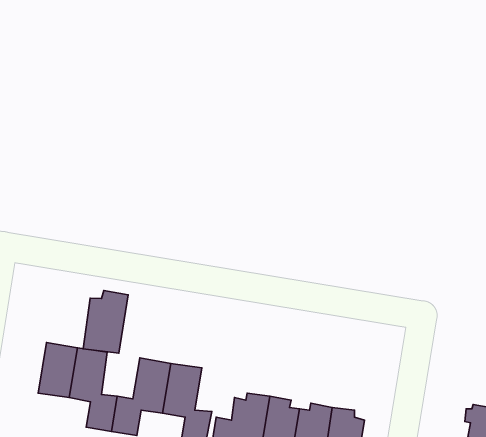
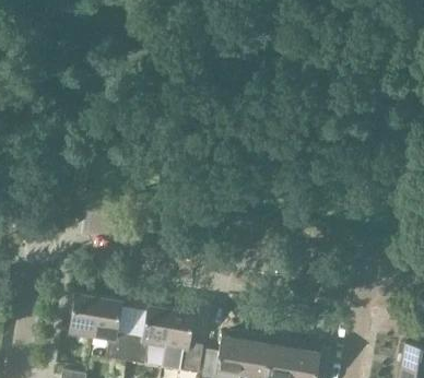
building: [83,290,128,353] -> none

